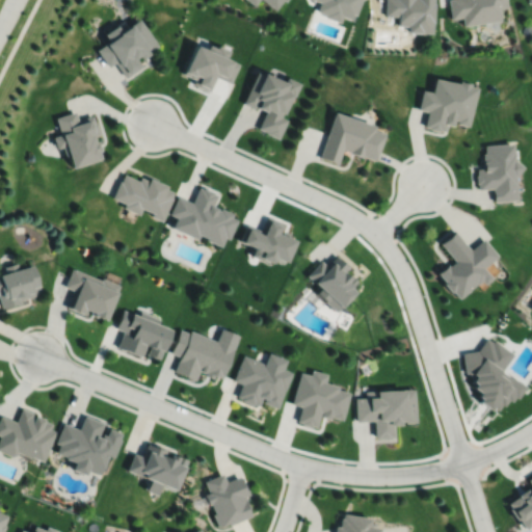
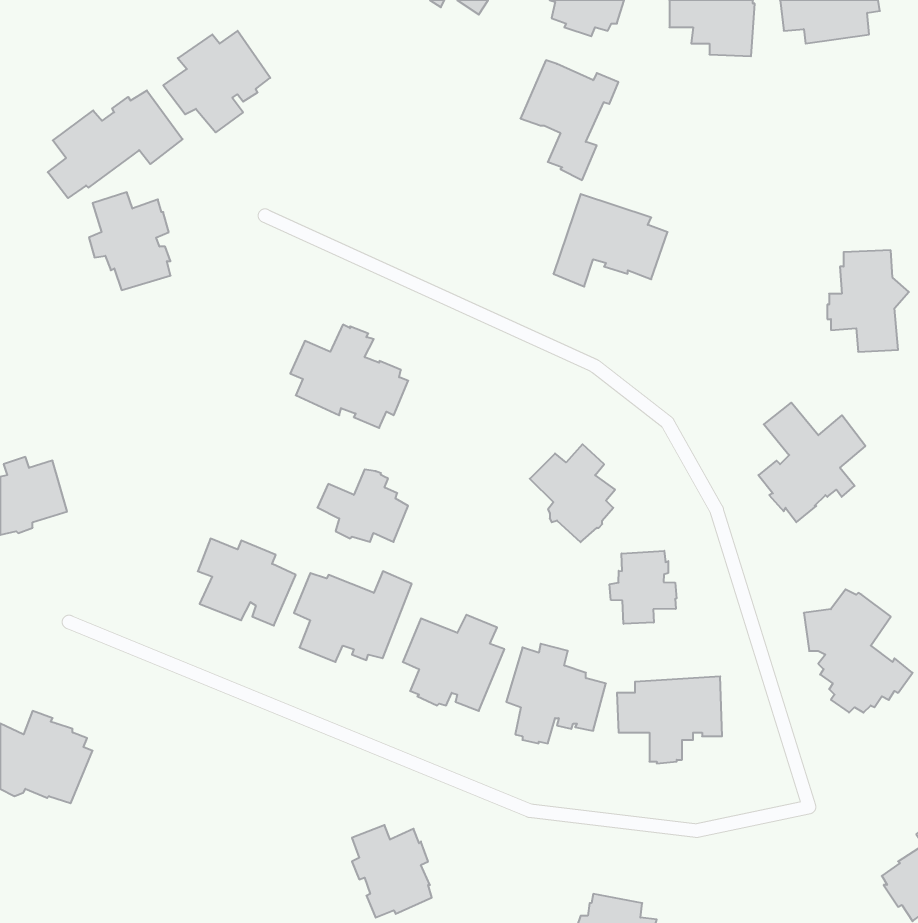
building: [185,46,240,92] -> none
building: none -> [48,90,183,198]
building: [245,72,301,140] -> [520,60,618,180]
building: [421,79,481,133] -> none
building: [114,176,176,222] -> none
building: [244,221,296,263] -> [317,469,408,542]
building: [68,269,123,321] -> none
building: none -> [610,551,677,624]
building: [58,417,123,476] -> none
building: [129,445,189,497] -> none

